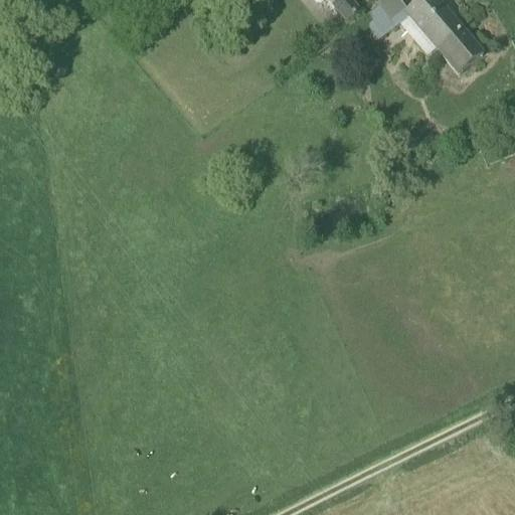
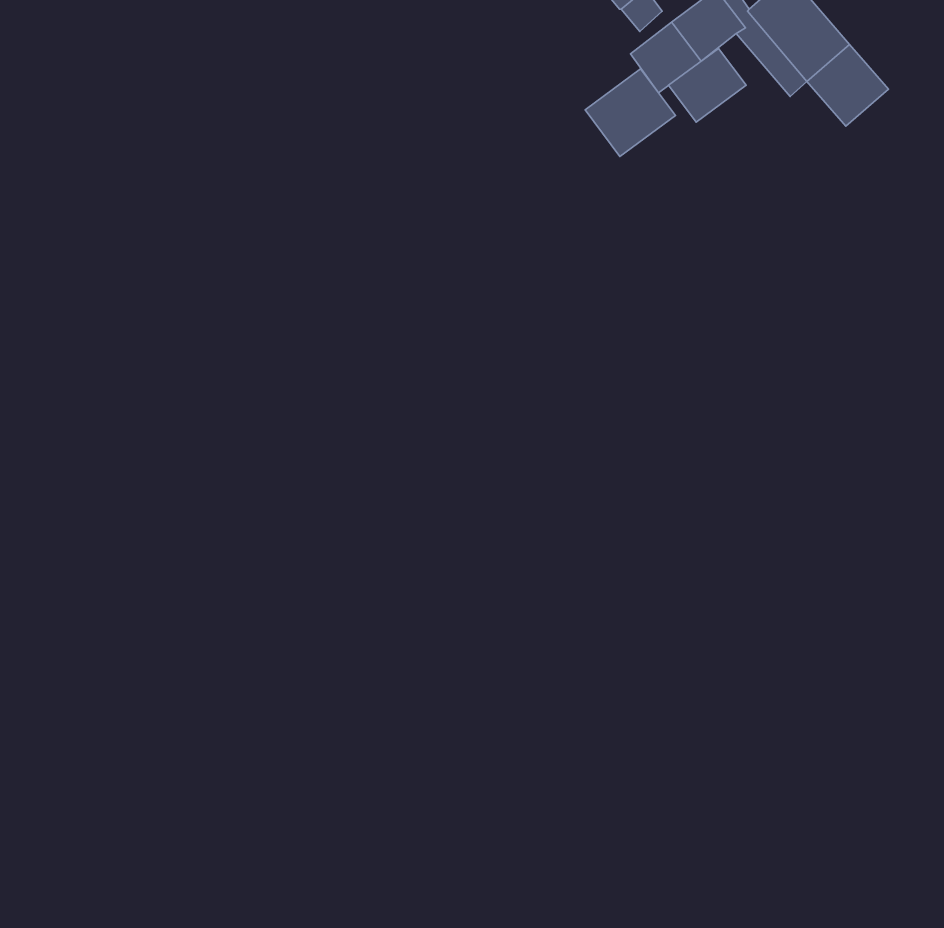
building: none -> [669,48,746,122]
building: none -> [585,69,675,157]

